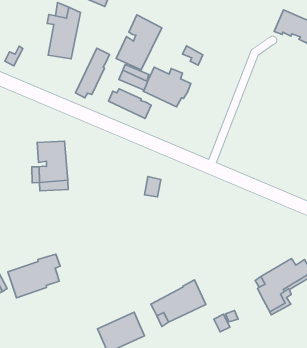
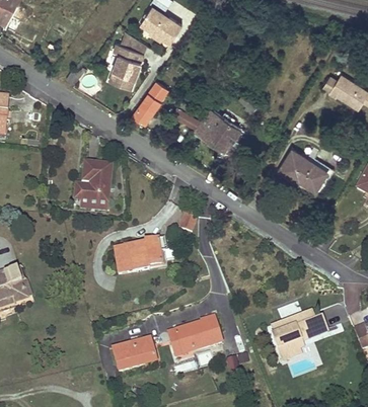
building: [116,15,162,70] -> none
building: [108,89,151,119] -> none
building: none -> [278,148,327,186]
building: [8,254,60,298] -> [114,237,164,272]

